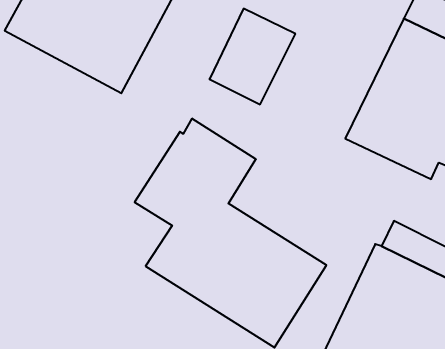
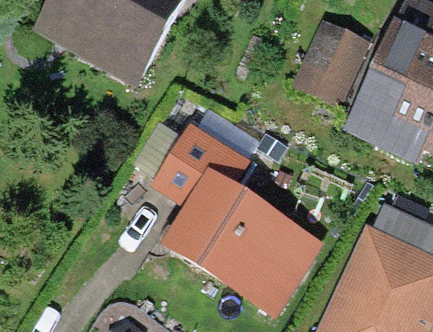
building: [209,9,295,104] -> [292,20,370,107]

